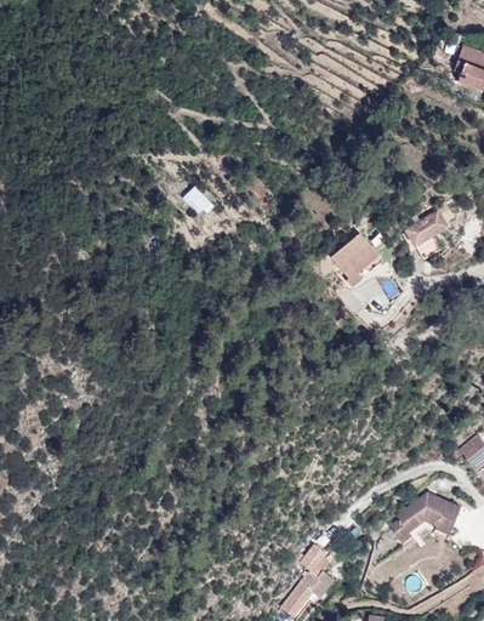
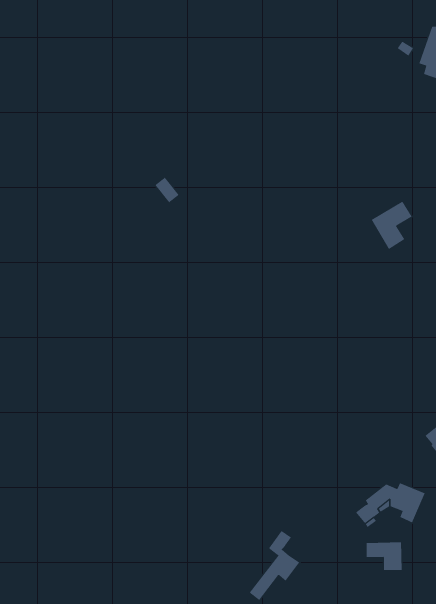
building: [330,232,382,286] -> none
building: none -> [366,541,402,571]

